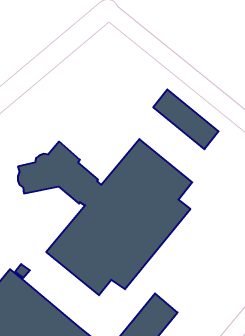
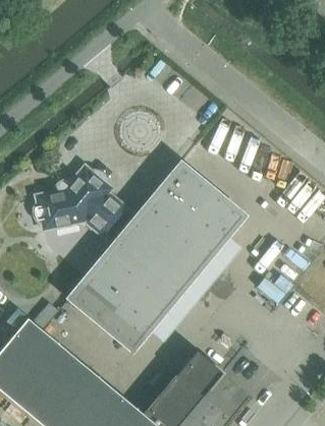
building: [153,89,219,149] -> none

